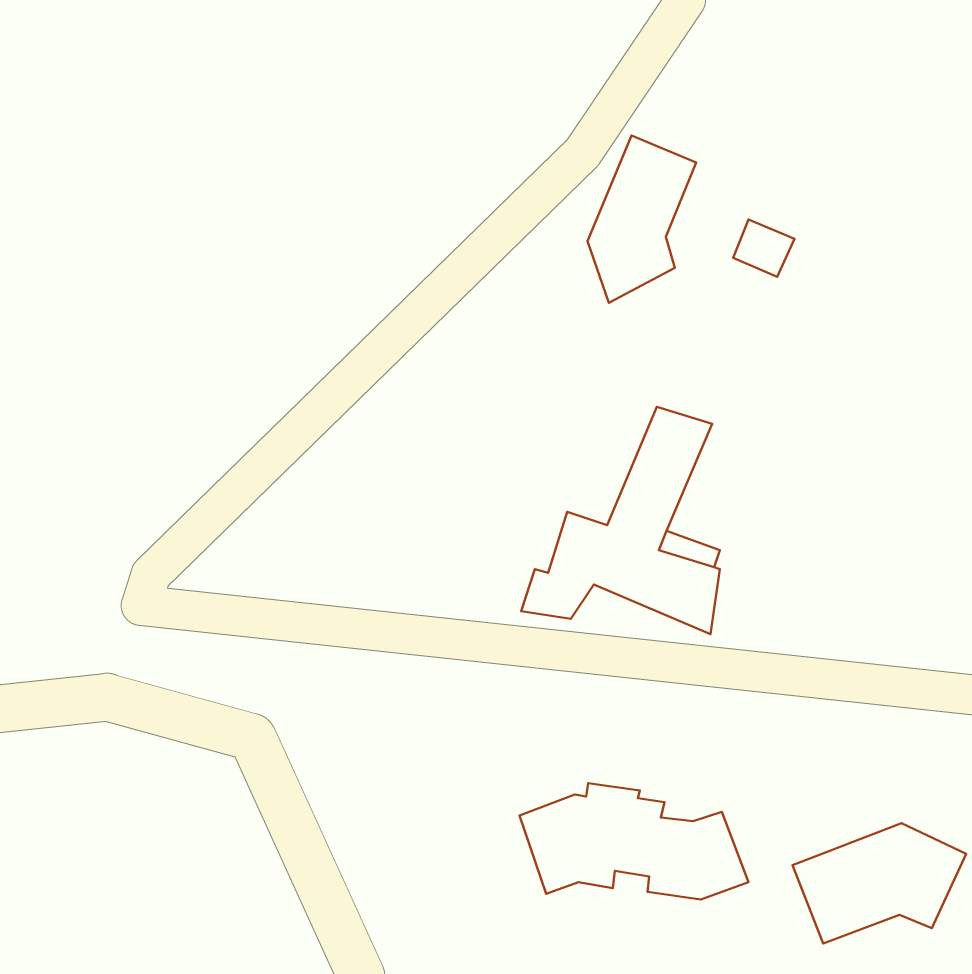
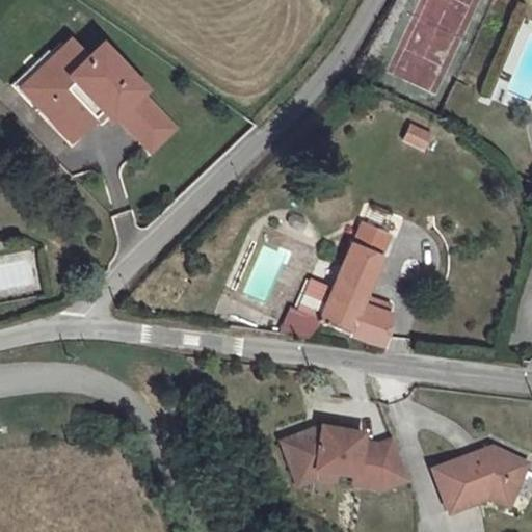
building: none -> [14,37,174,139]
building: [587,135,696,303] -> none

